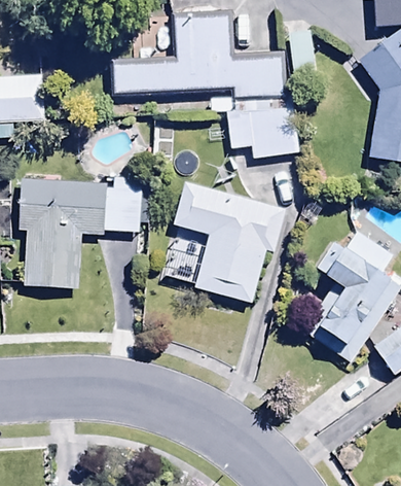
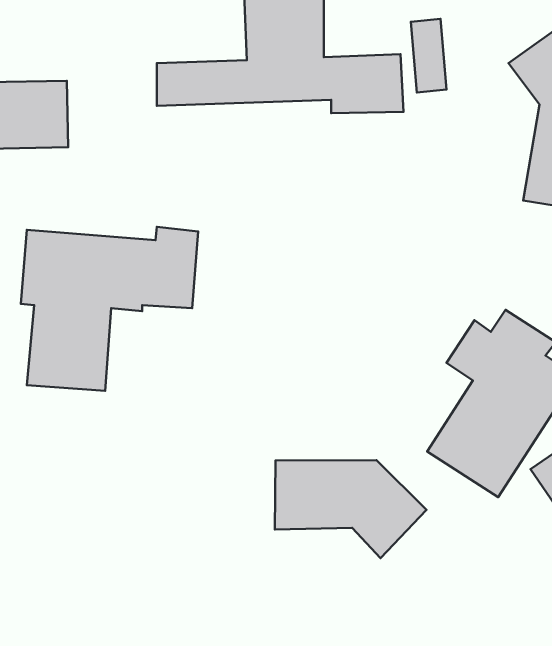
building: [228,107,300,155] -> none
building: [174,180,285,303] -> none
building: none -> [275,460,426,558]

